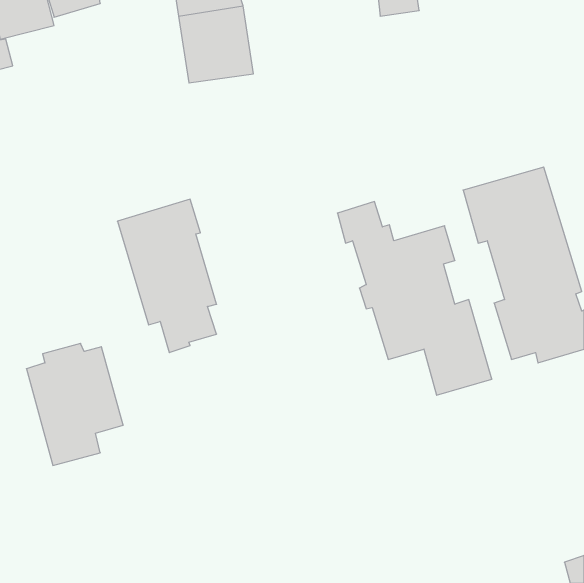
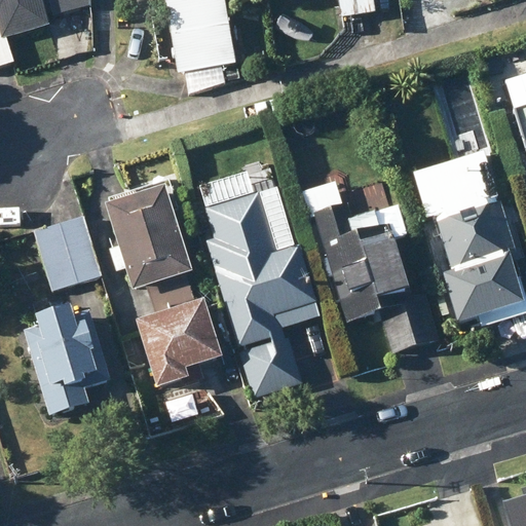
building: none -> [203,189,320,396]
building: none -> [32,214,100,290]
building: none -> [137,298,224,387]

